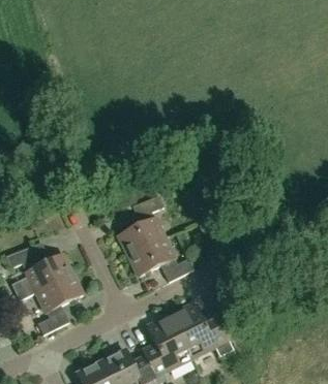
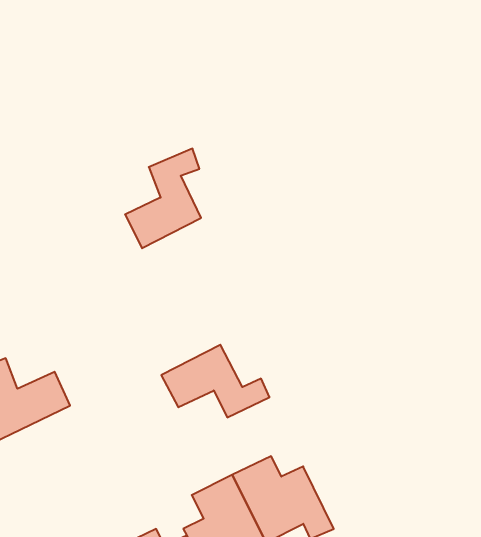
building: [117,194,163,255] -> [125,149,201,248]
building: [35,274,82,333] -> none

